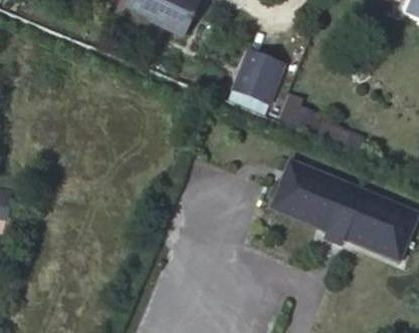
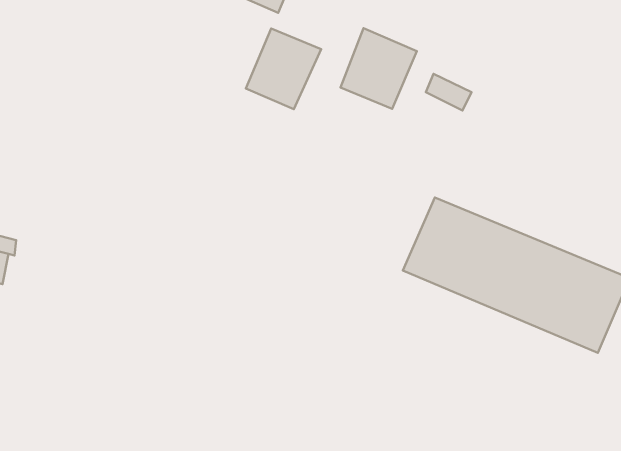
building: none -> [246,28,321,109]

